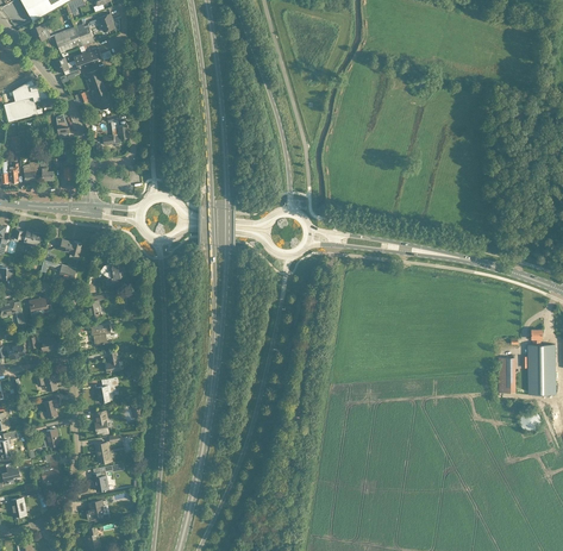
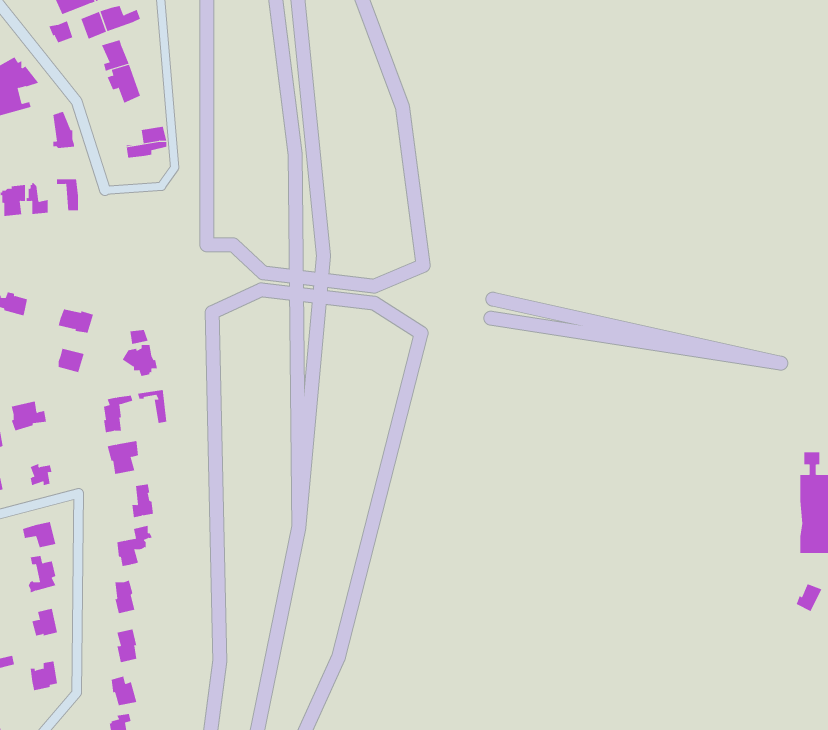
building: [498,357,514,393] -> none

